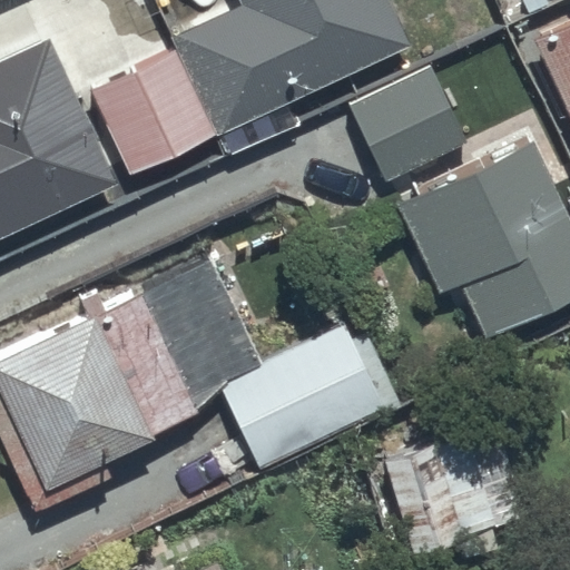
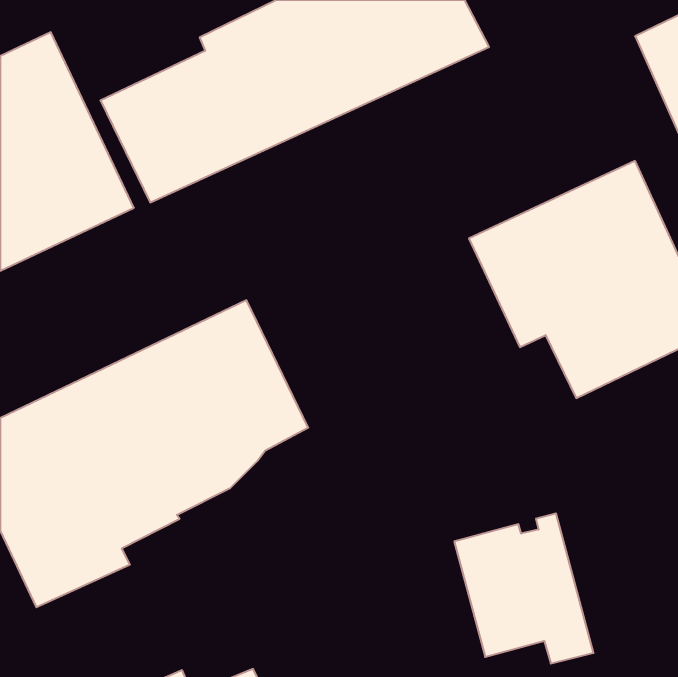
building: [348,66,468,183] -> none
building: [219,323,401,473] -> none

